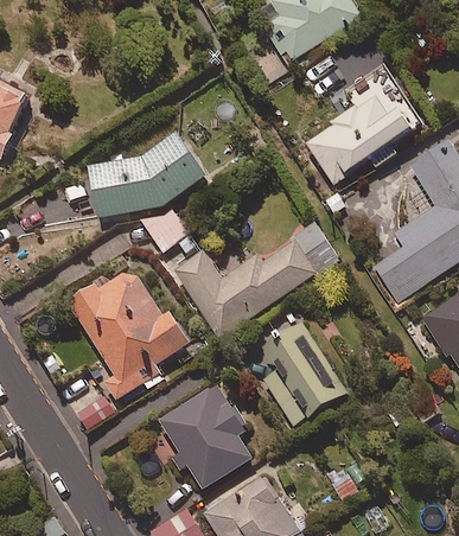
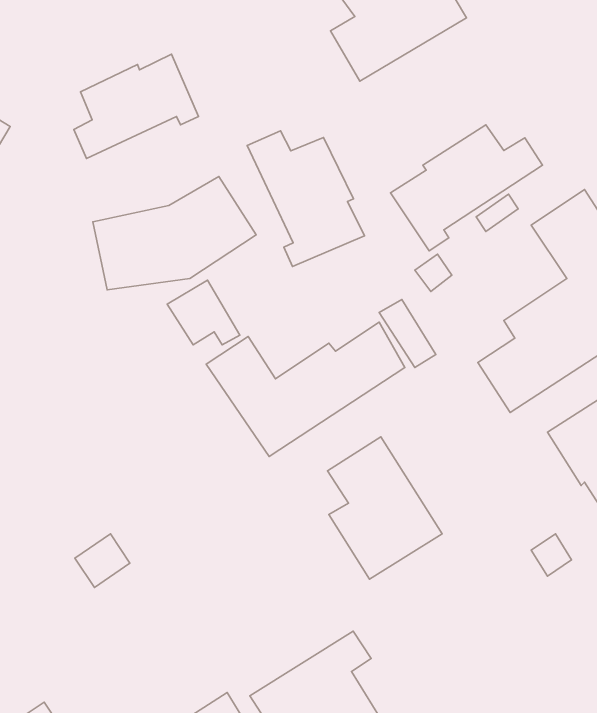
building: none -> [74,54,198,158]
building: none -> [247,131,364,267]
building: [71,268,190,398] -> none
building: [159,383,253,489] -> none

